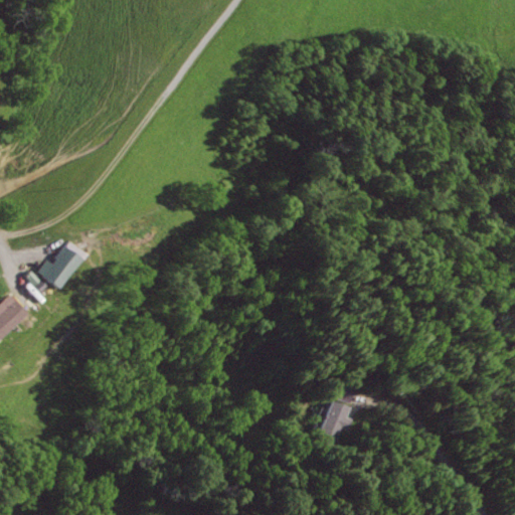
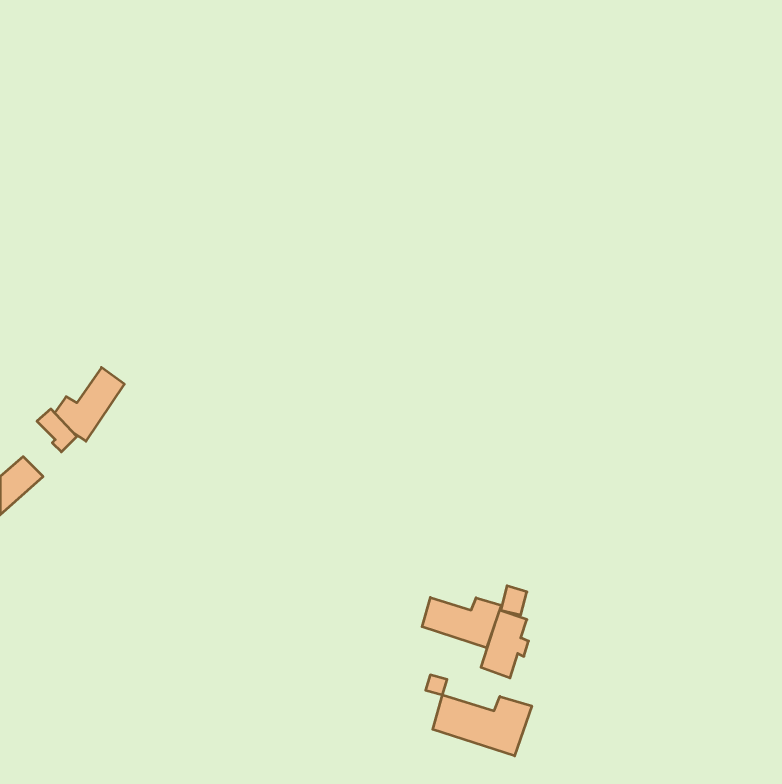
building: none -> [422,597,501,648]
building: none -> [433,695,532,756]

